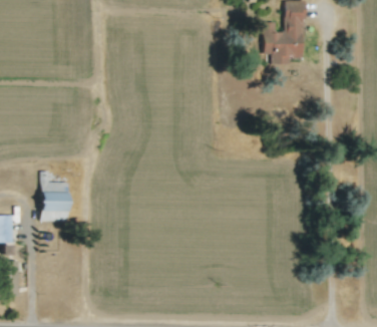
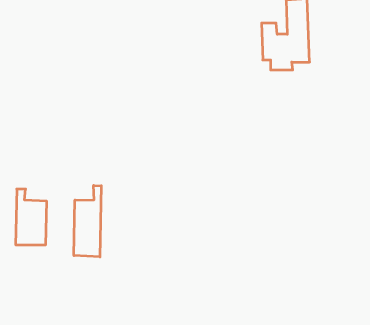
building: none -> [74,185,101,257]

